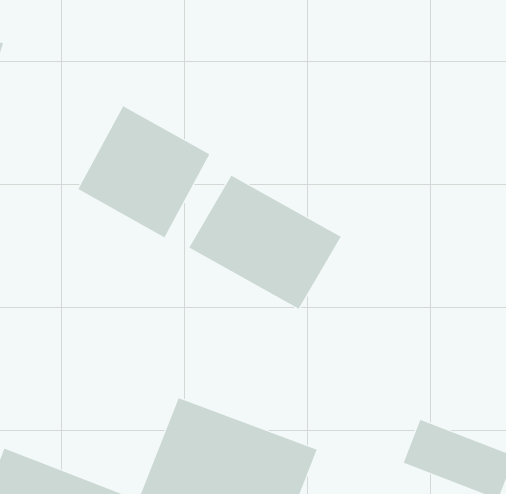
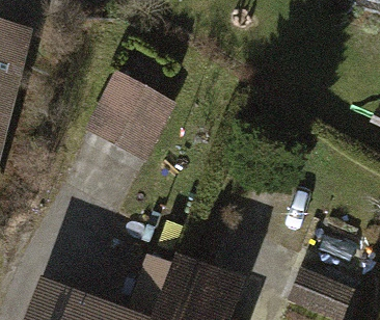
building: [189,175,341,309] -> none

